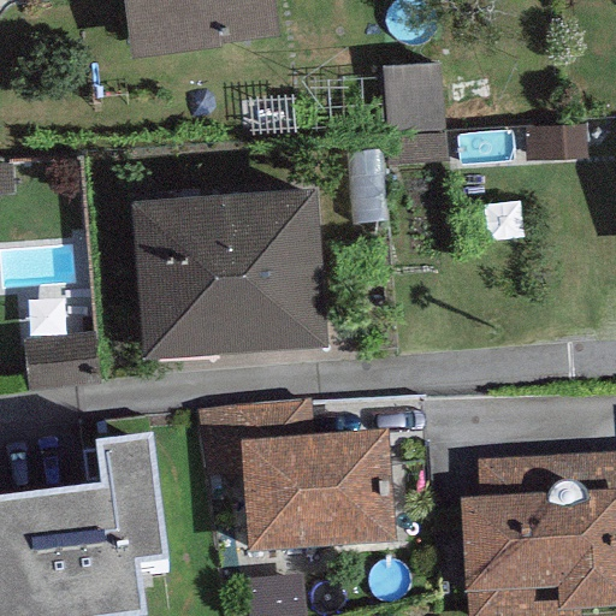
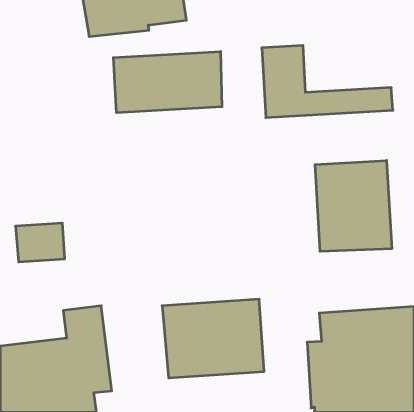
building: none -> [113,51,222,113]
building: [131,185,326,356] -> none
building: none -> [315,160,392,251]

